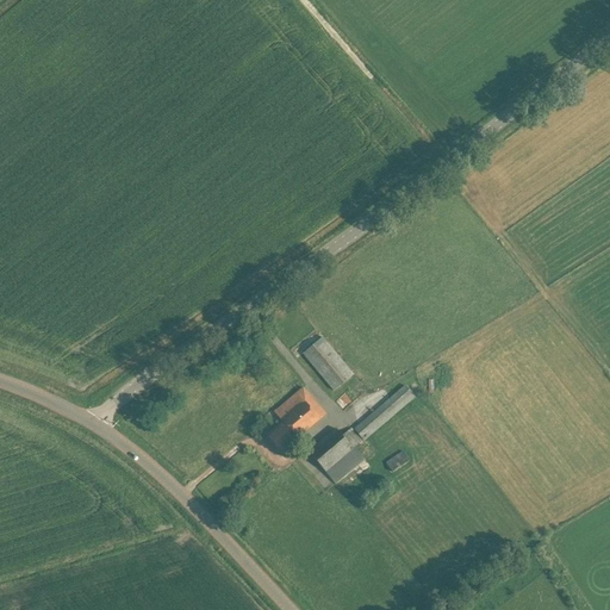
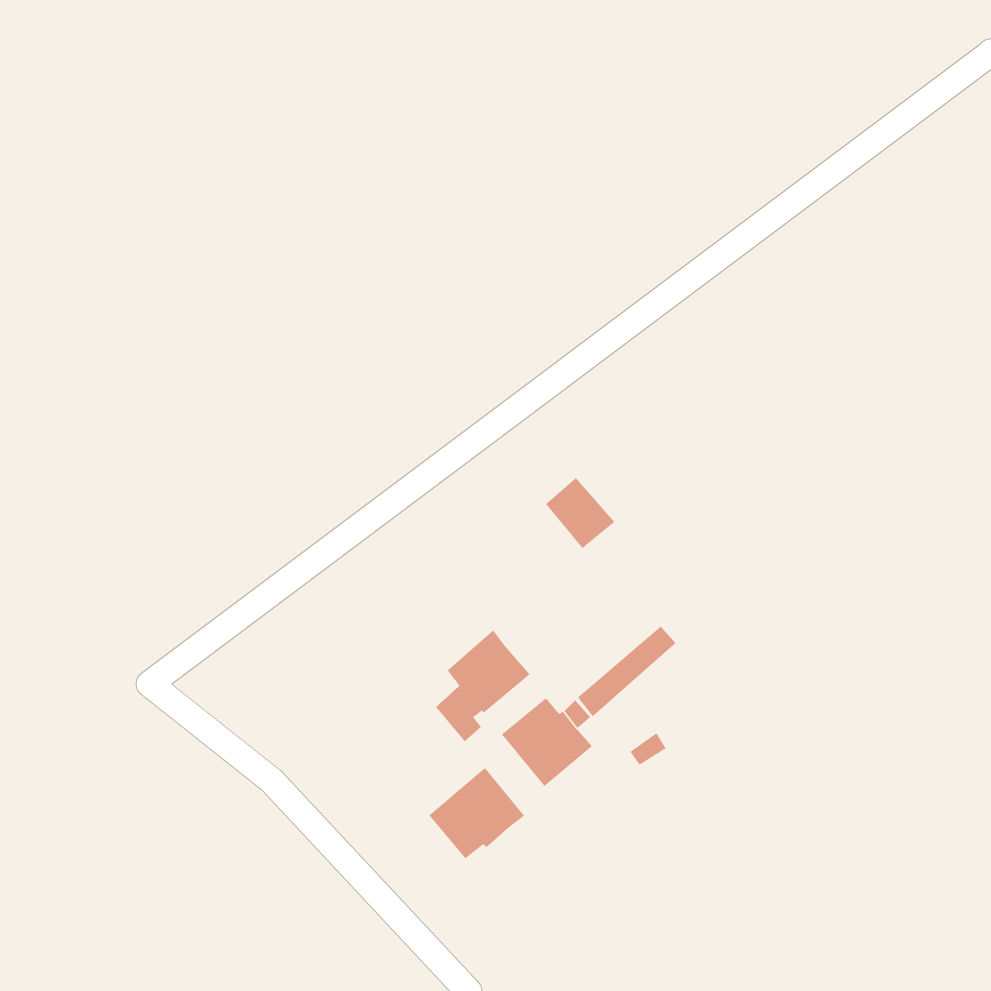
building: [310,346,353,390] -> [545,477,615,549]
building: none -> [428,767,525,859]

